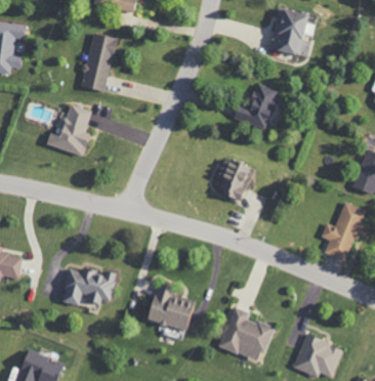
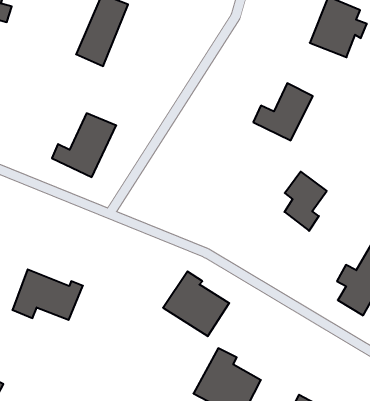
building: [46,104,94,156] -> [52,113,116,177]
building: [216,157,250,204] -> [284,172,327,231]
building: [144,284,198,334] -> [163,271,229,336]

